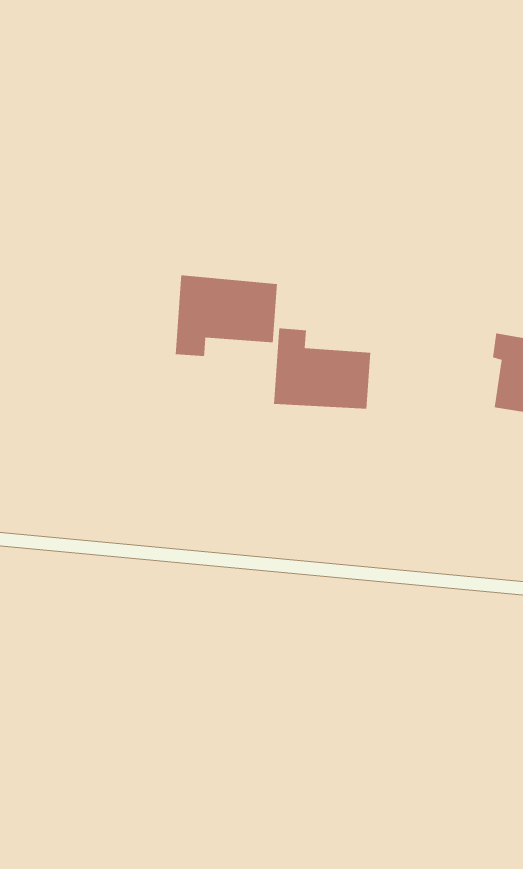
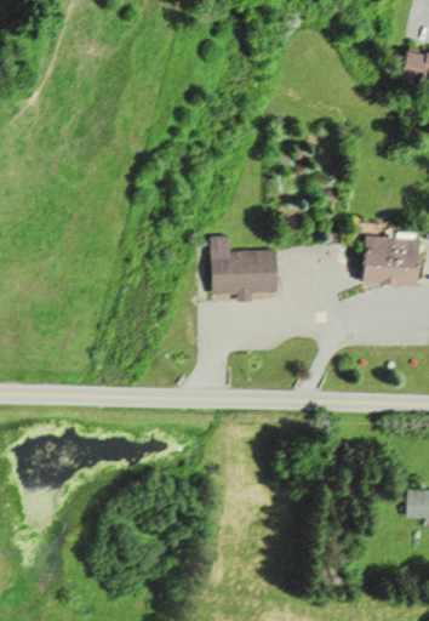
building: [175,275,278,357] -> none

